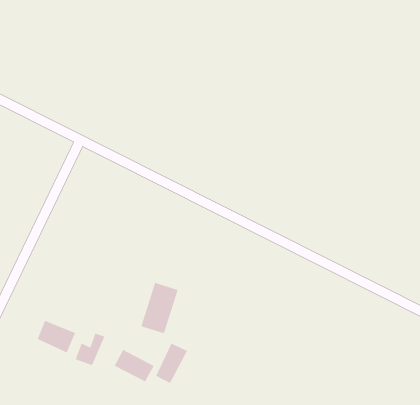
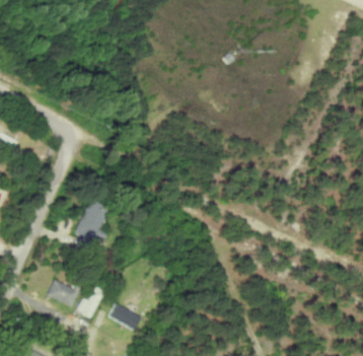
building: [141,282,178,334] -> [76,201,106,242]
building: [155,343,188,384] -> none

